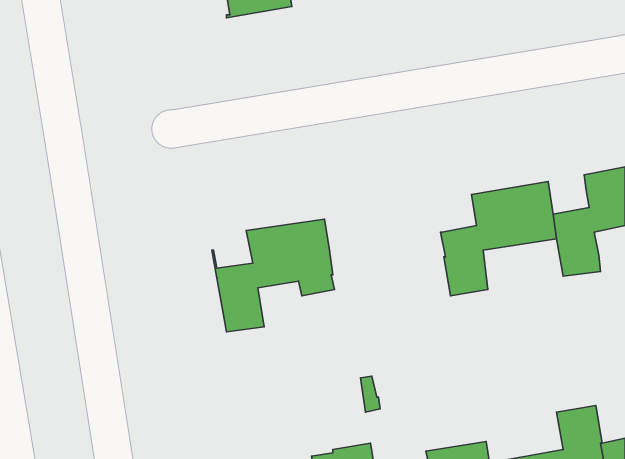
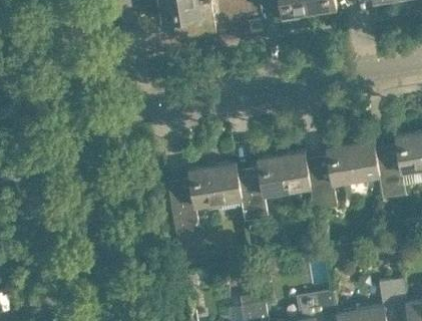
building: none -> [239,151,310,222]

